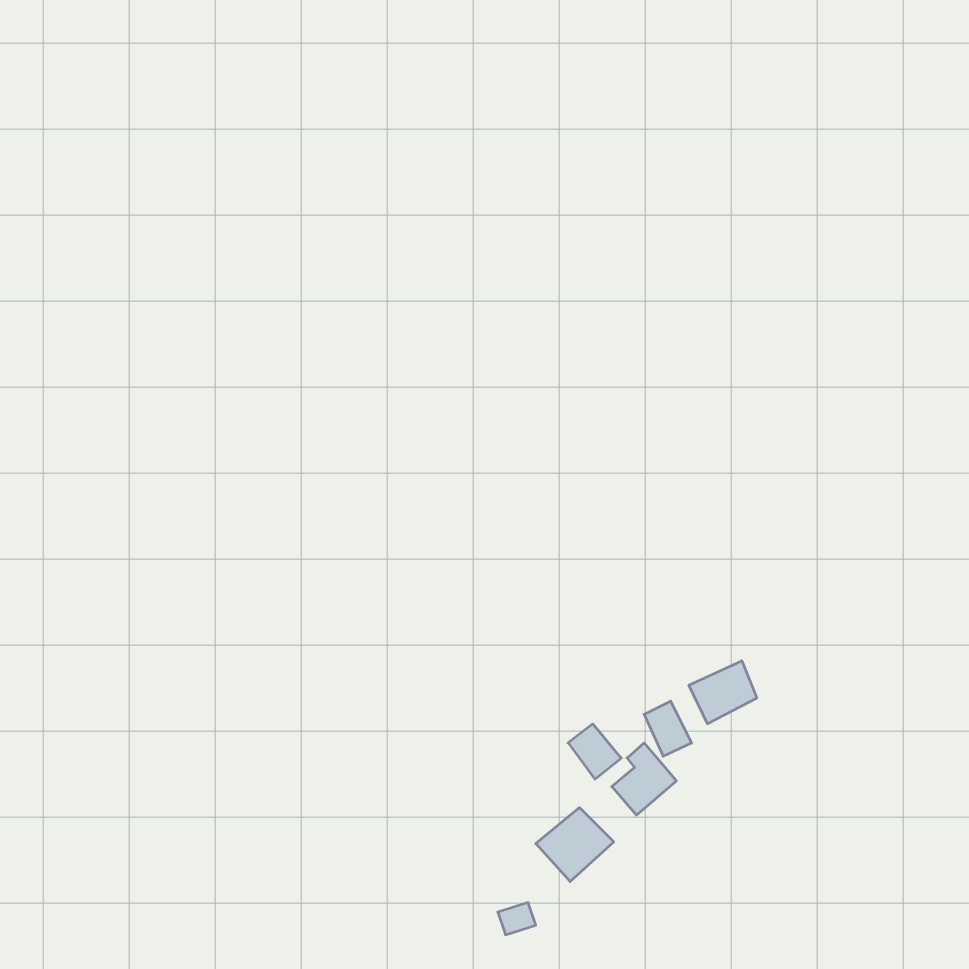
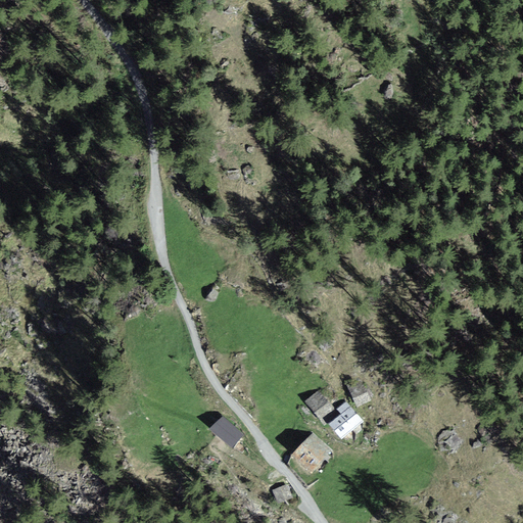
building: [689,661,757,724] -> none
building: none -> [208,416,241,447]

